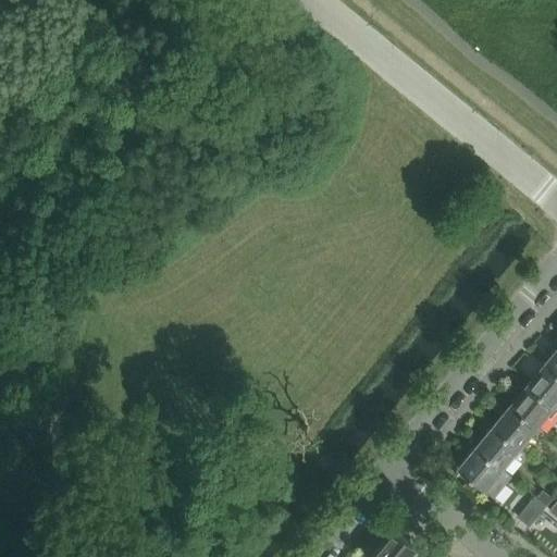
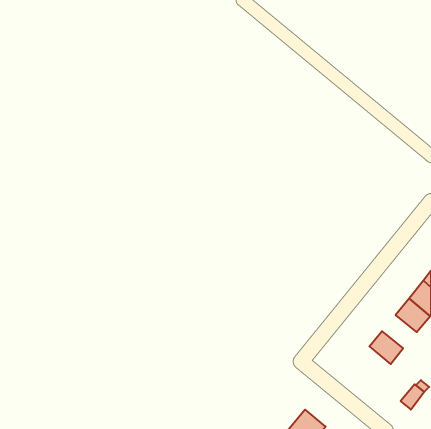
building: [493,409,537,451] -> none
building: [459,449,504,493] -> none

